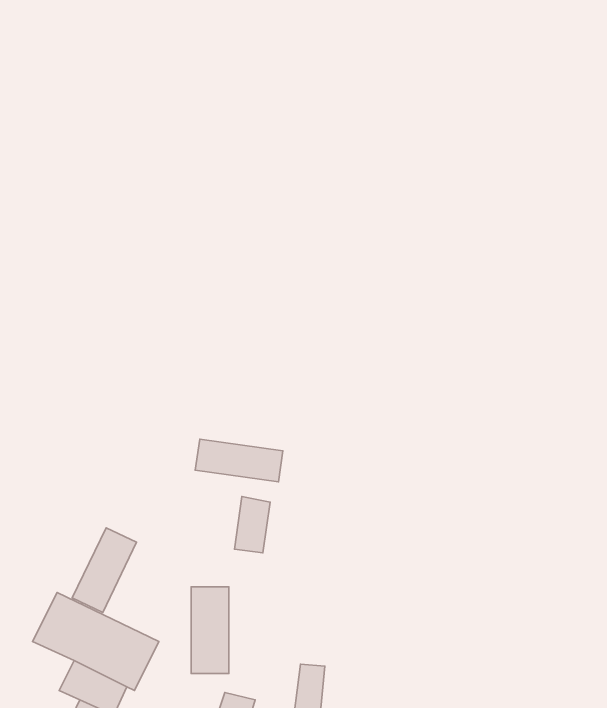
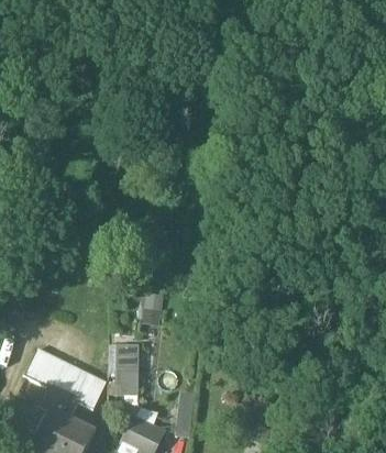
building: [195,439,283,482] -> none
building: [72,528,136,612] -> none

